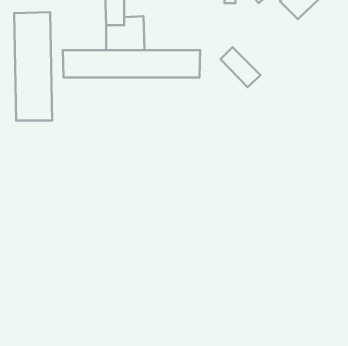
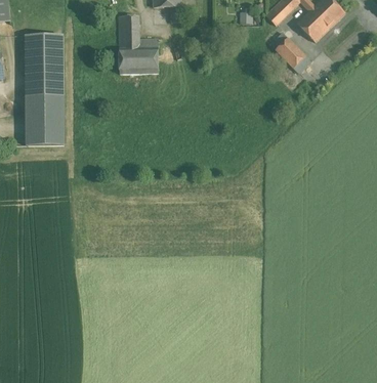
building: [220,47,261,87] -> [269,32,310,73]
building: [63,50,200,77] -> none

